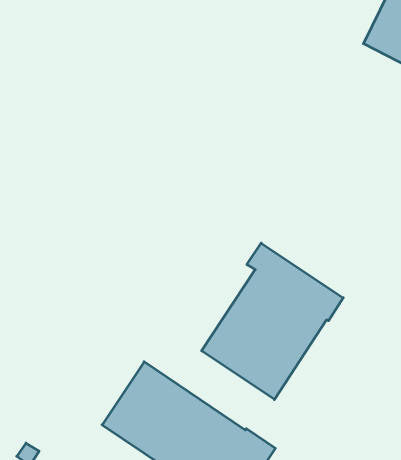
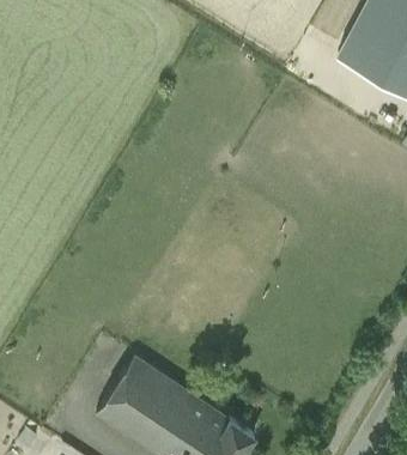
building: [202,243,343,400] -> none

